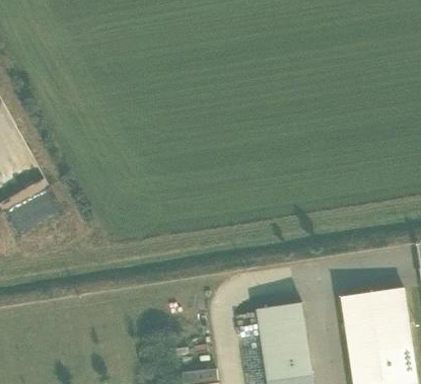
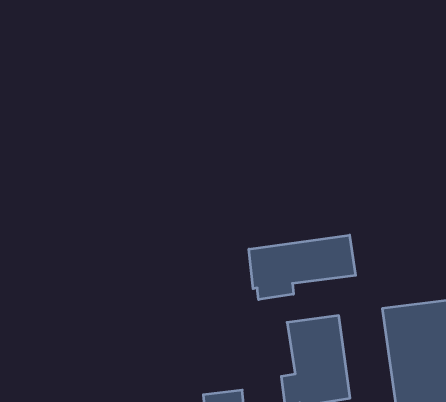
building: none -> [249,235,356,300]

